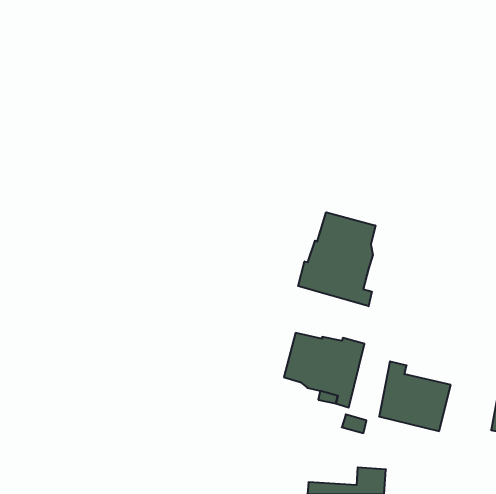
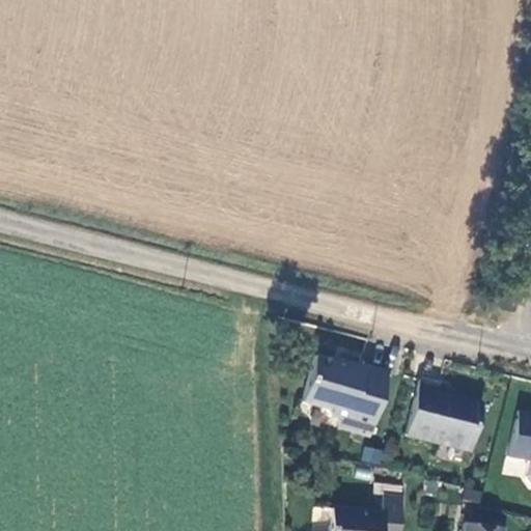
building: [298,212,375,306] -> none

